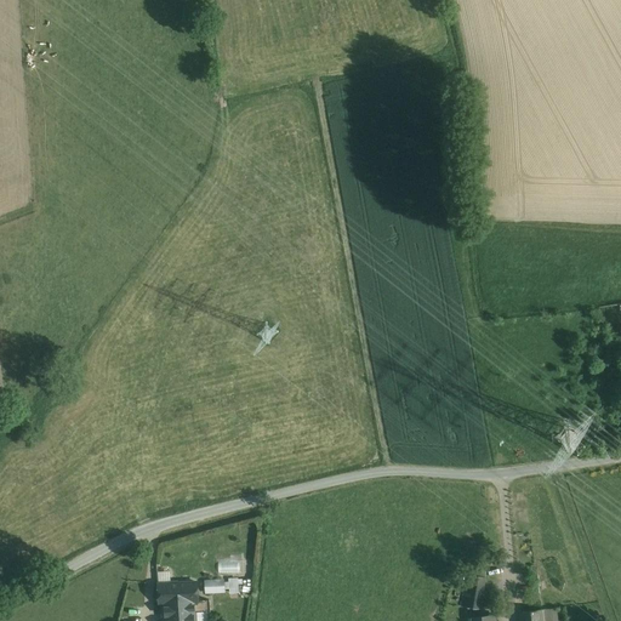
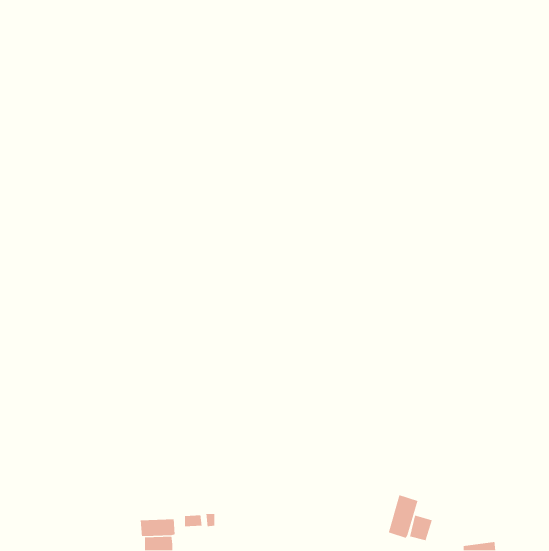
building: none -> [388,494,418,539]

